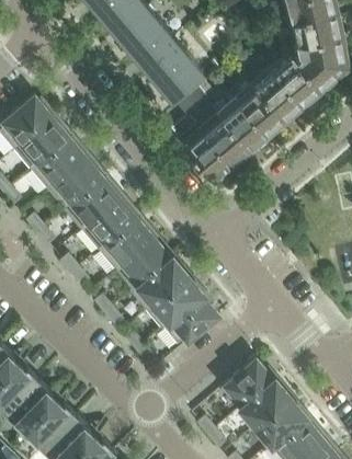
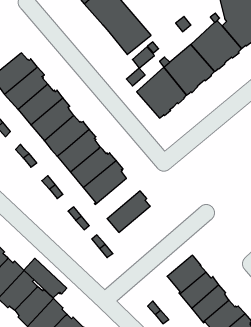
building: [130,260,189,312] -> none
building: [161,296,220,346] -> none
building: none -> [24,258,67,298]

